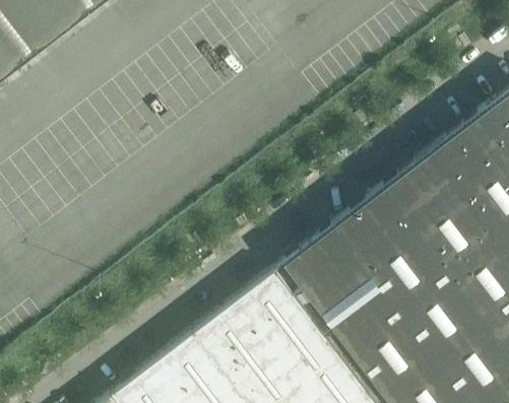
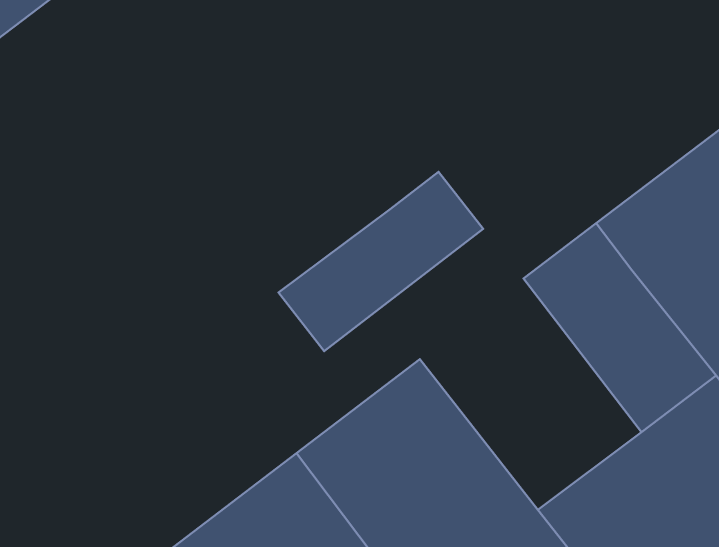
building: none -> [279,172,483,351]
building: [282,214,422,359] -> none

